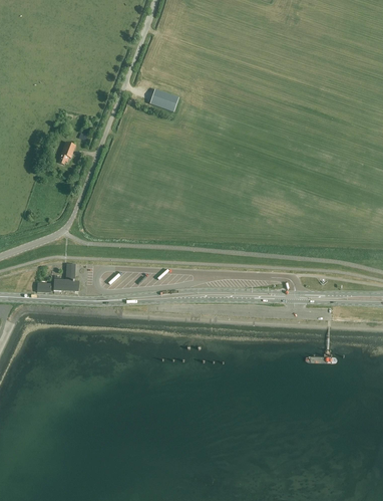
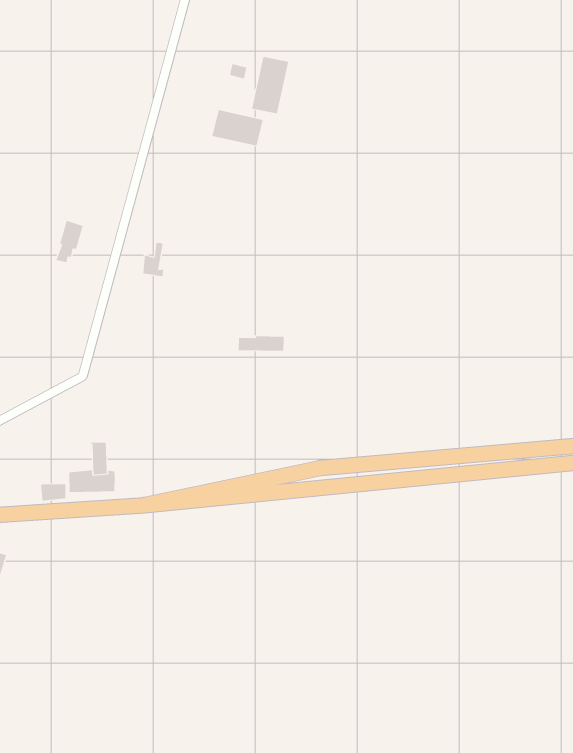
building: none -> [251,56,289,114]

